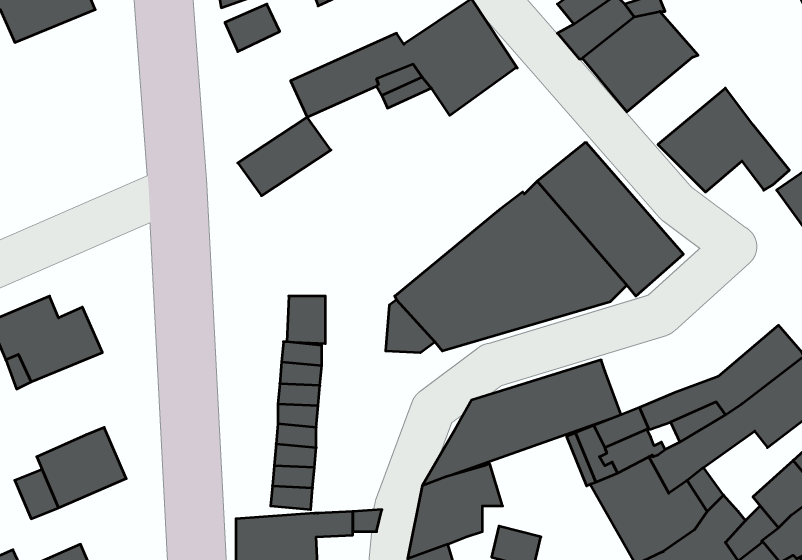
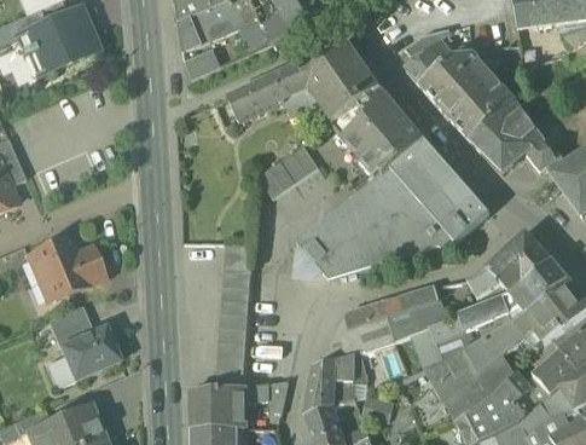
building: none -> [451,81,516,140]
building: none -> [331,89,423,175]
building: [238,117,331,196] -> [257,144,319,196]
building: none -> [468,232,551,305]
building: none -> [50,306,93,347]

